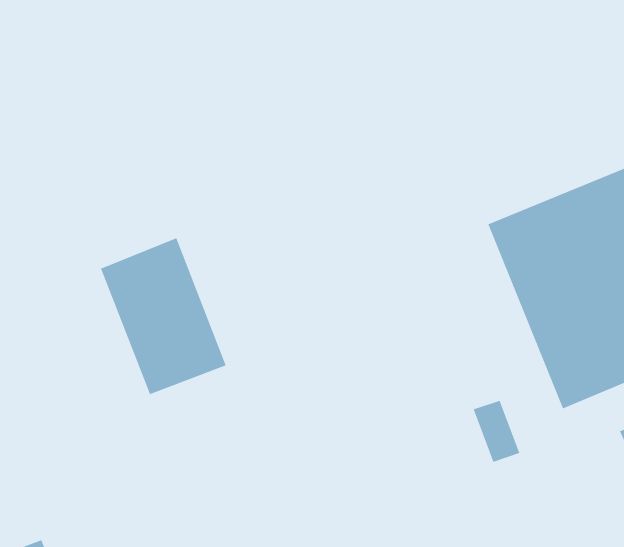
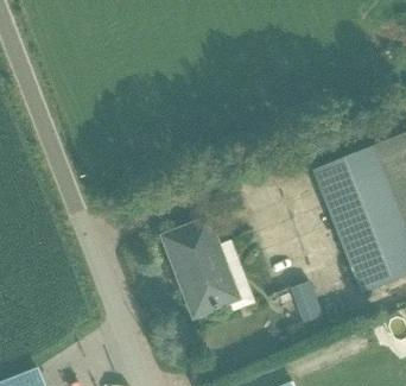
building: [100,237,226,395] -> [150,210,231,312]

